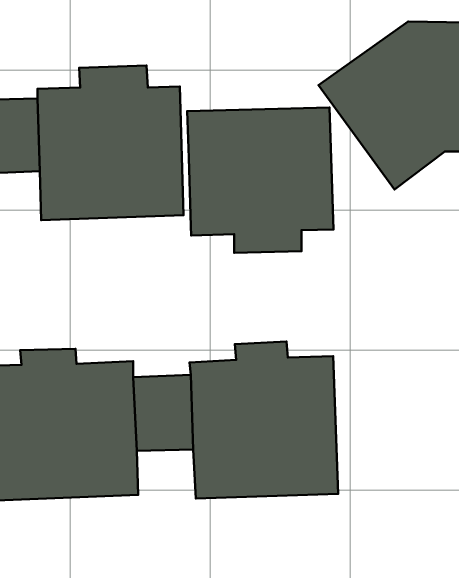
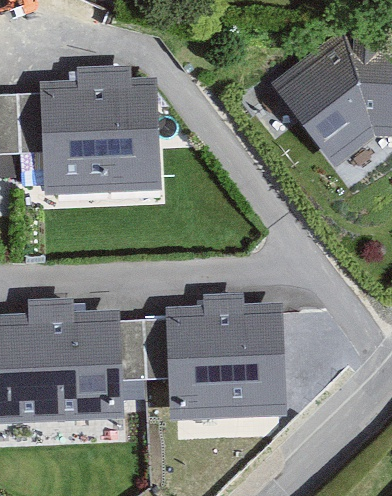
building: [187,107,333,253] -> none

